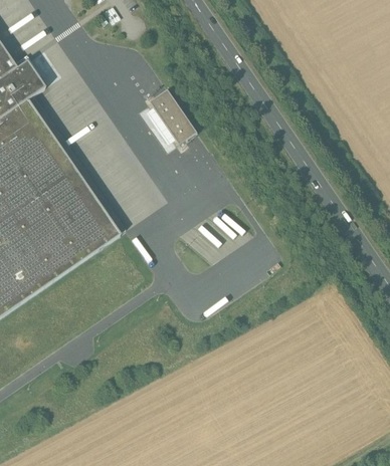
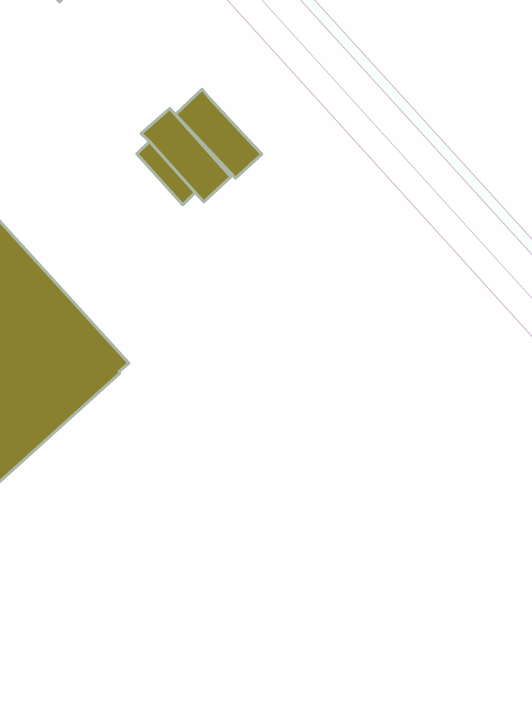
building: none -> [175,89,262,178]

